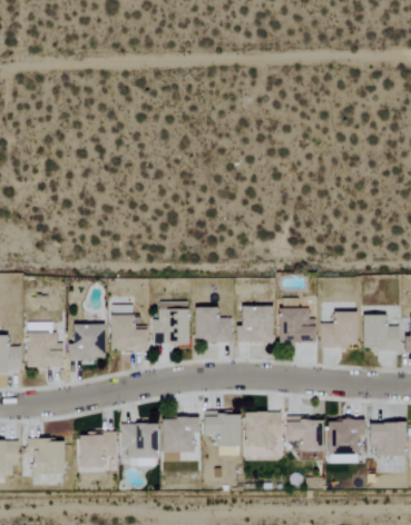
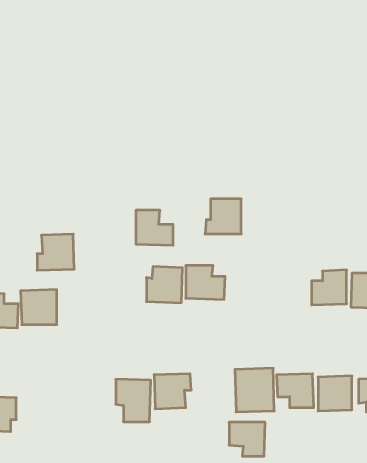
building: [236,306,273,341] -> [205,199,241,234]
building: [277,308,316,344] -> none
building: [110,315,148,350] -> [136,210,173,245]
building: [68,324,106,360] -> [37,234,74,270]
building: [204,412,241,446] -> [229,422,265,456]
building: [78,433,119,468] -> none
building: [30,439,65,476] -> none

